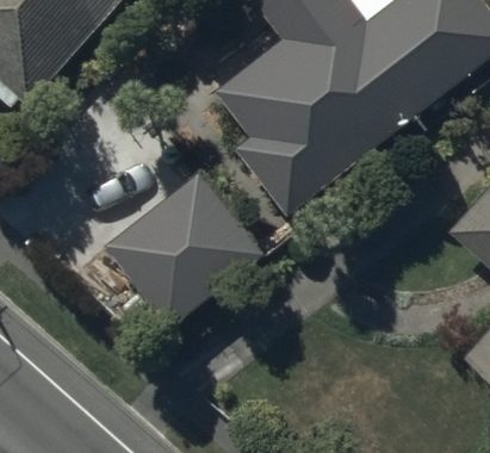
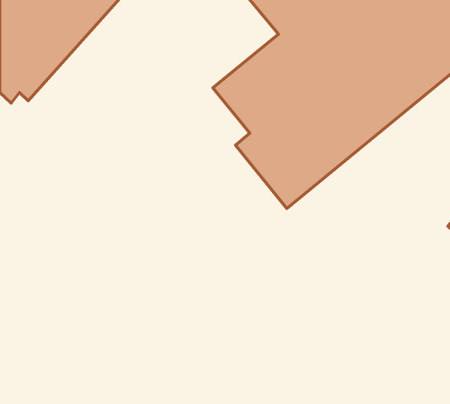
building: [104,170,265,328] -> none

